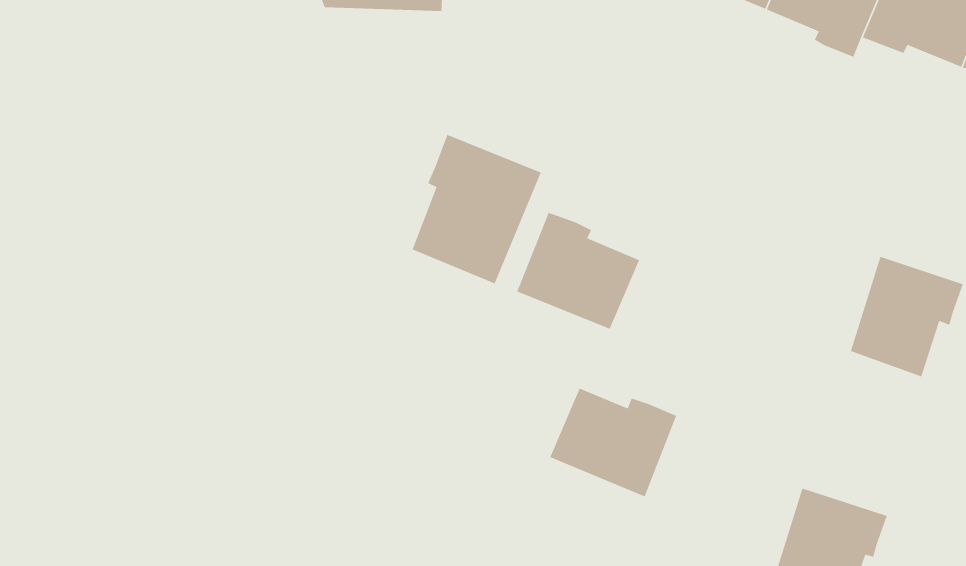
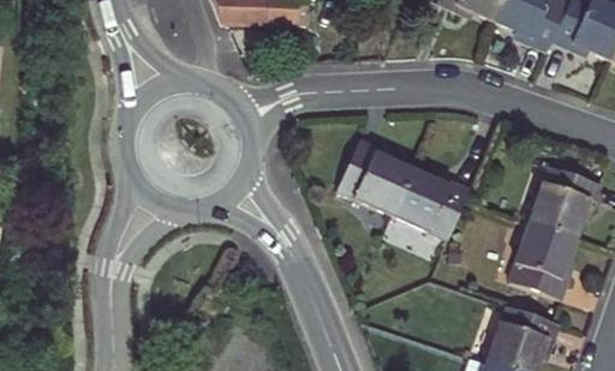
building: [412,134,542,284] -> none
building: none -> [517,225,578,298]
building: [549,387,677,497] -> [390,169,467,235]

